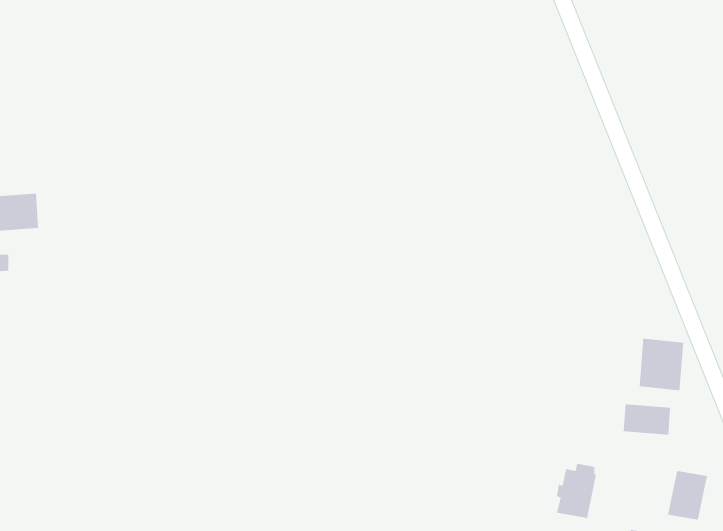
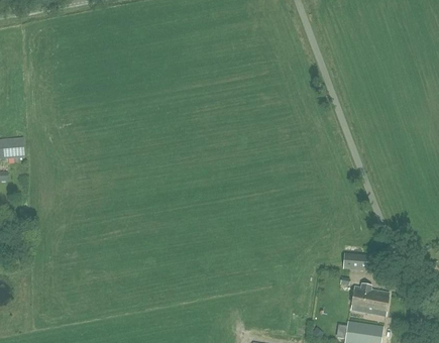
building: [639,338,684,391] -> none
building: [556,463,597,518] -> [349,282,371,313]

